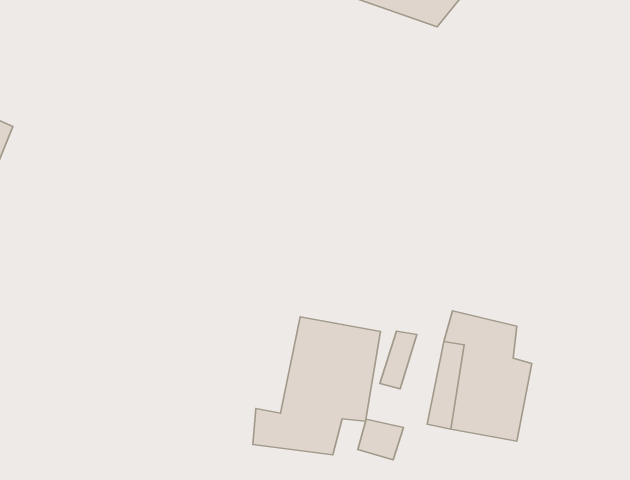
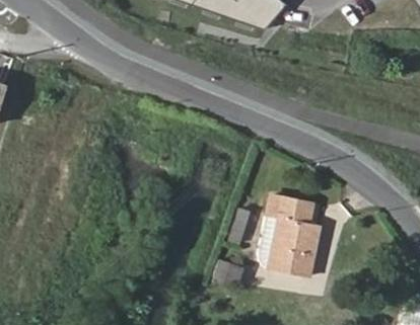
building: [253,317,381,455] -> none

